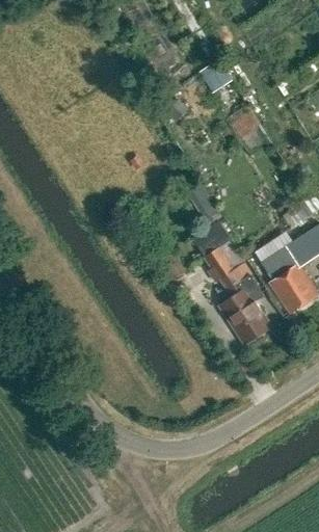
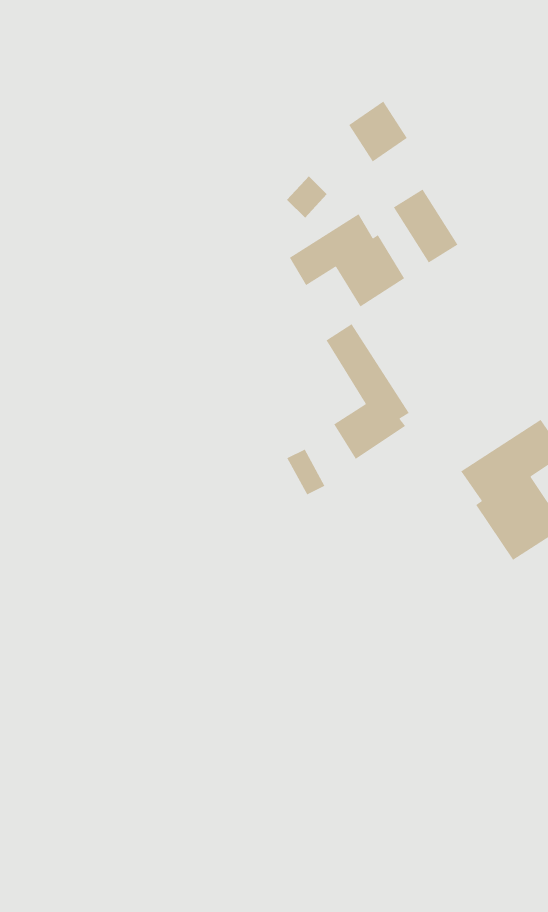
building: none -> [289,213,405,307]
building: [203,246,267,344] -> none

